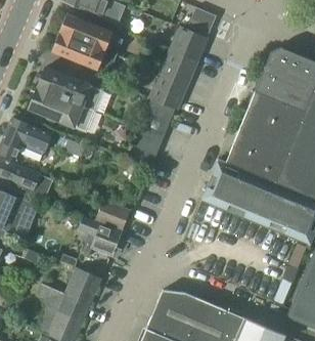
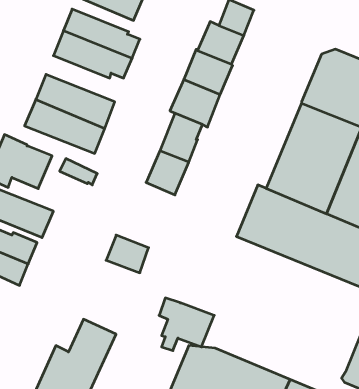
building: [78,215,123,258] -> [159,298,214,351]

